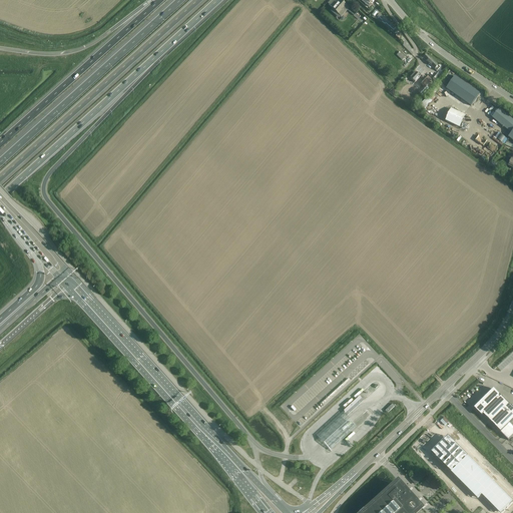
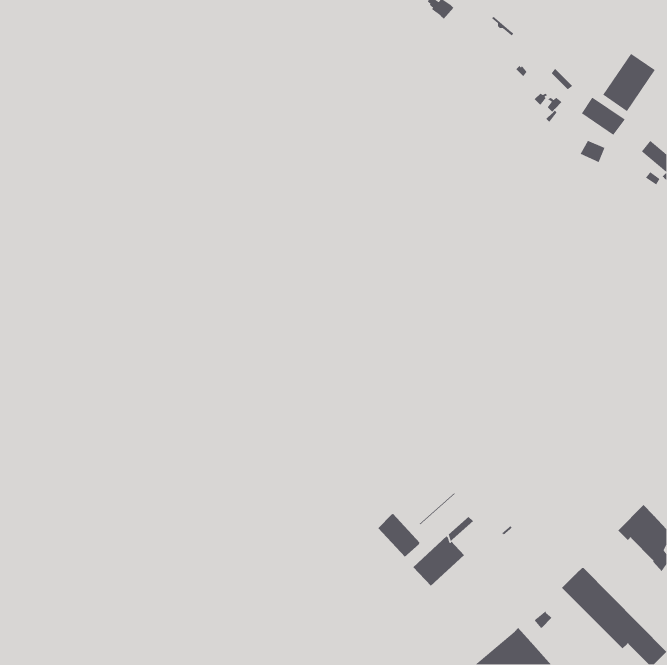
building: none -> [602,53,656,112]
building: none -> [378,513,420,558]

